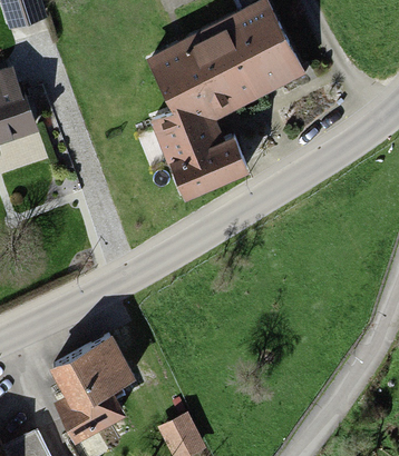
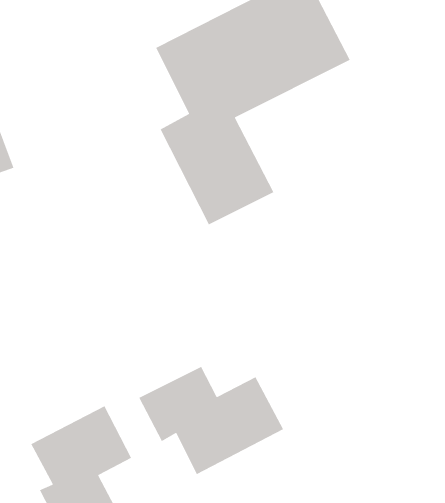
building: none -> [138,366,284,475]

